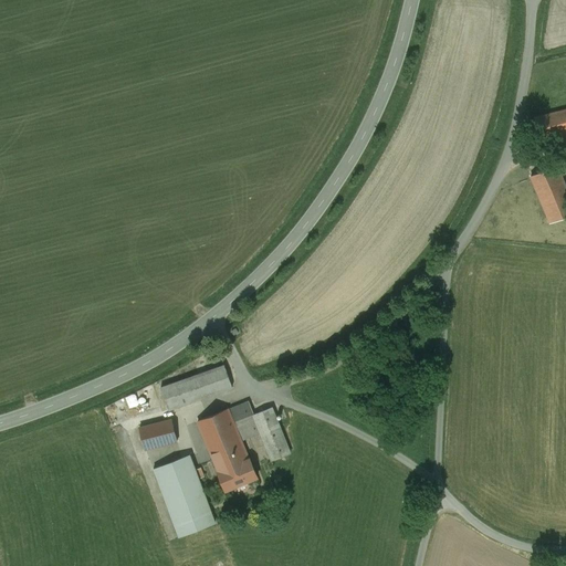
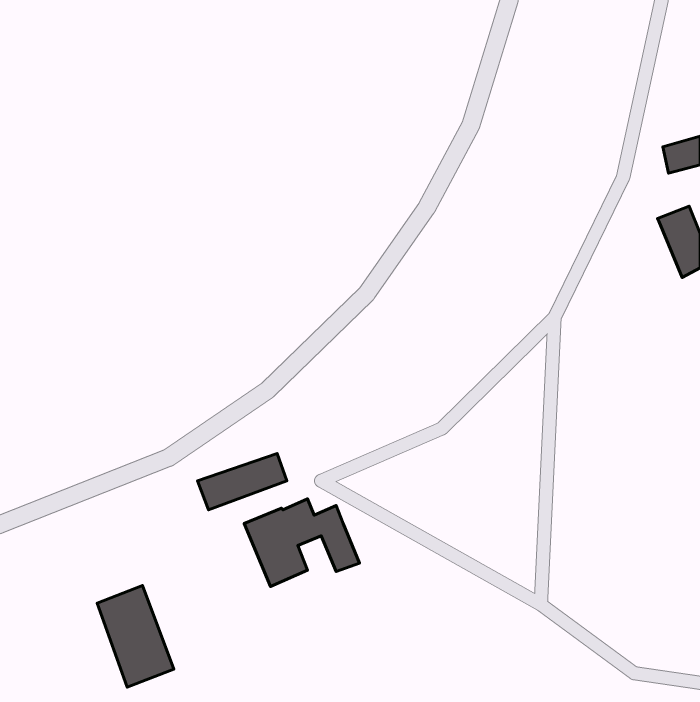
building: [138,419,176,449] -> none
building: [153,455,214,537] -> [97,585,174,687]
building: [217,459,256,490] -> none

